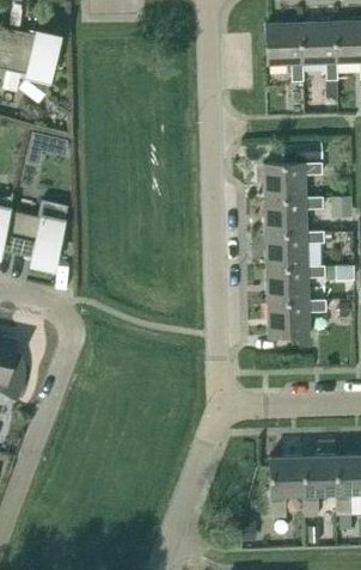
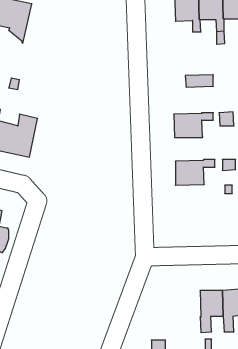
building: [263,163,322,200] -> none
building: [265,231,323,268] -> none
building: [267,300,325,337] -> none
building: [269,455,304,517] -> none

